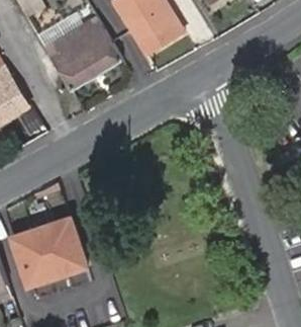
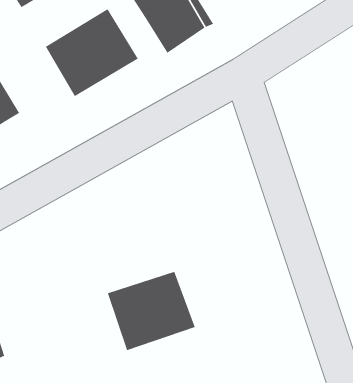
building: [13,221,86,287] -> [107,271,196,351]

